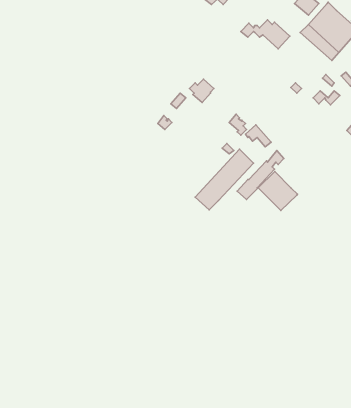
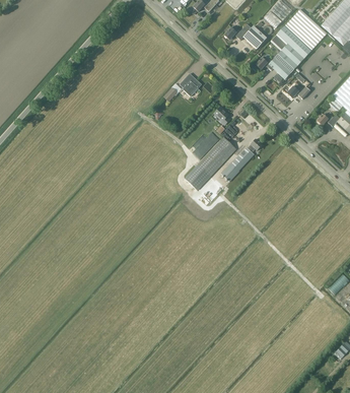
building: none -> [255,36,302,79]
building: [258,172,298,210] -> none

